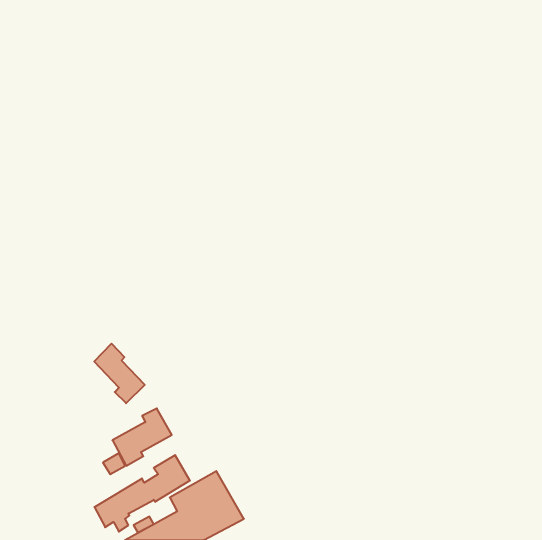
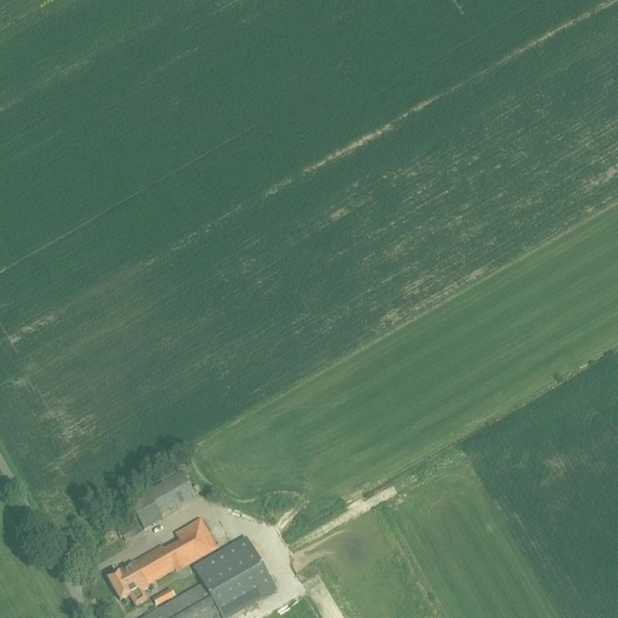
building: [94,344,145,403] -> none

